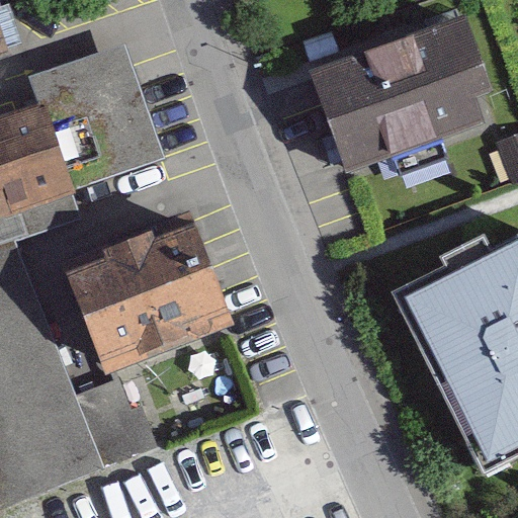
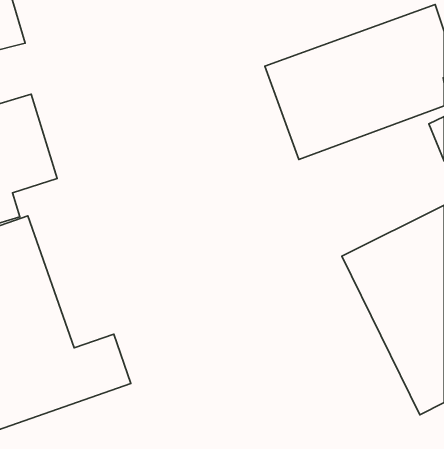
building: [32,46,169,188] -> none
building: [69,218,231,372] -> none

